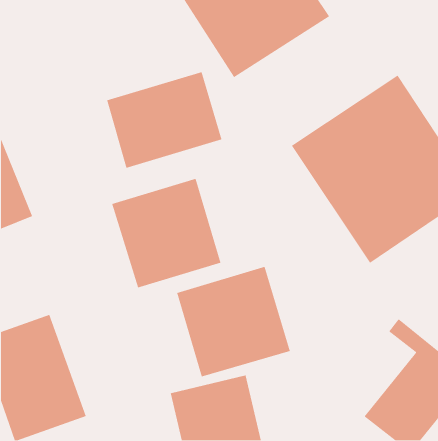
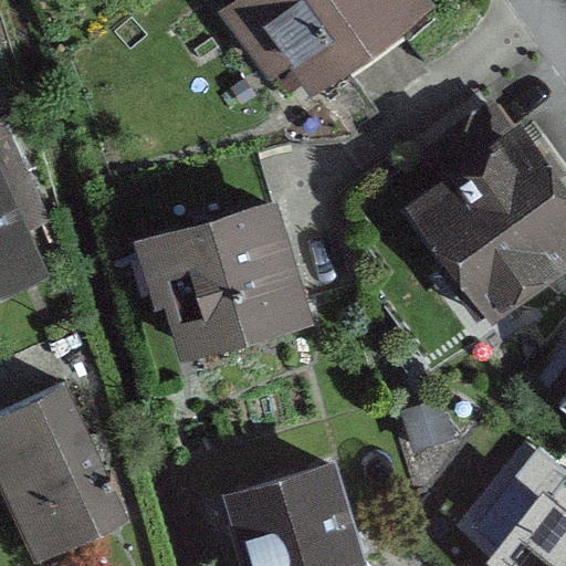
building: [106,71,223,169] -> none
building: [176,266,291,378] -> none

